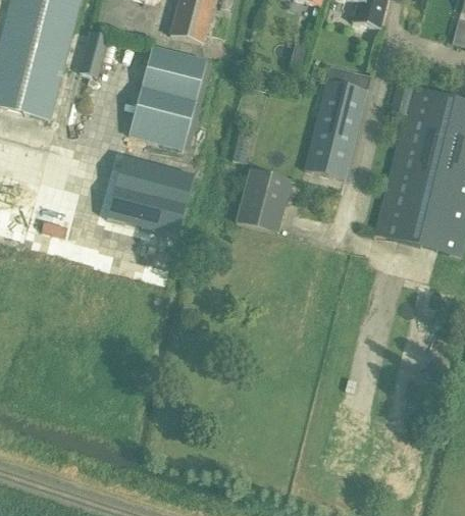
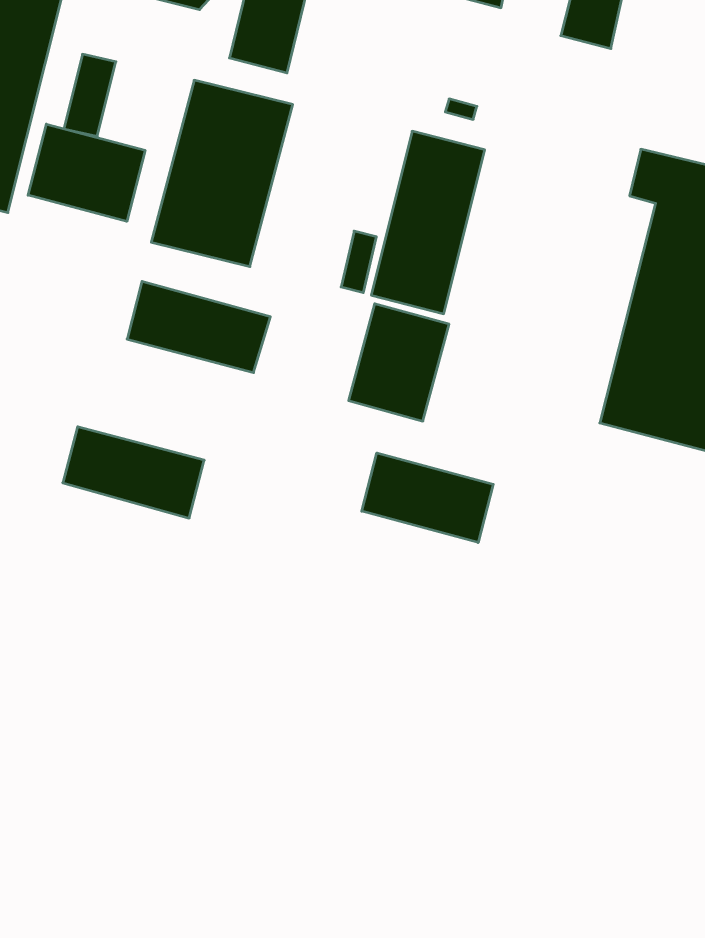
building: none -> [28,124,145,221]
building: [306,80,368,179] -> [371,131,485,314]
building: [108,187,186,237] -> [63,427,204,518]
building: none -> [362,453,493,543]

